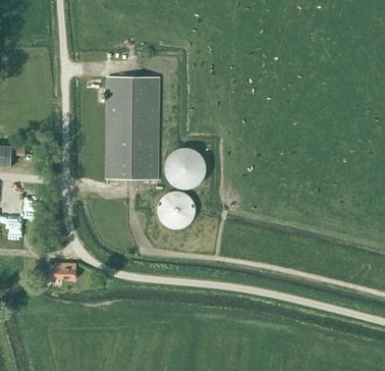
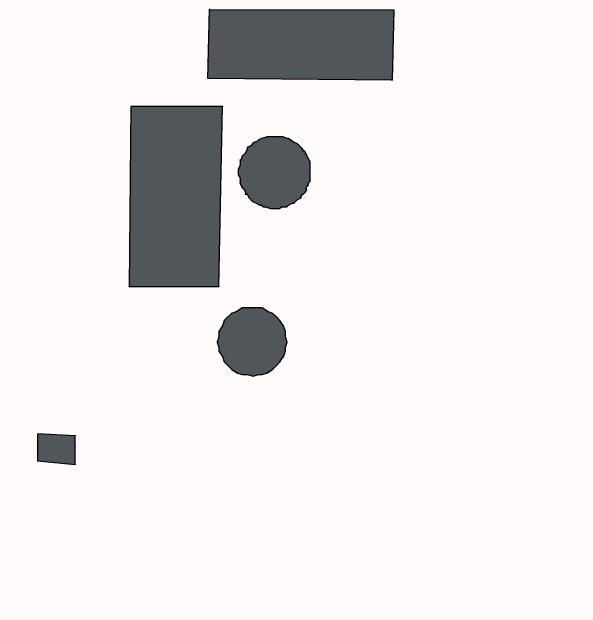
building: none -> [208,9,394,80]
building: [164,148,205,189] -> [238,137,310,209]

